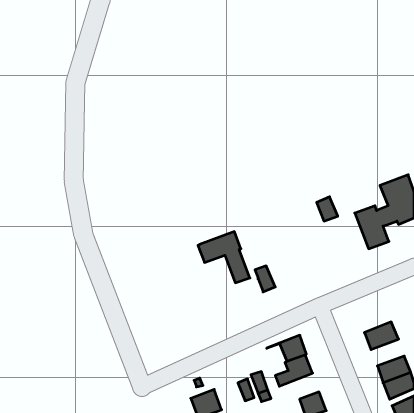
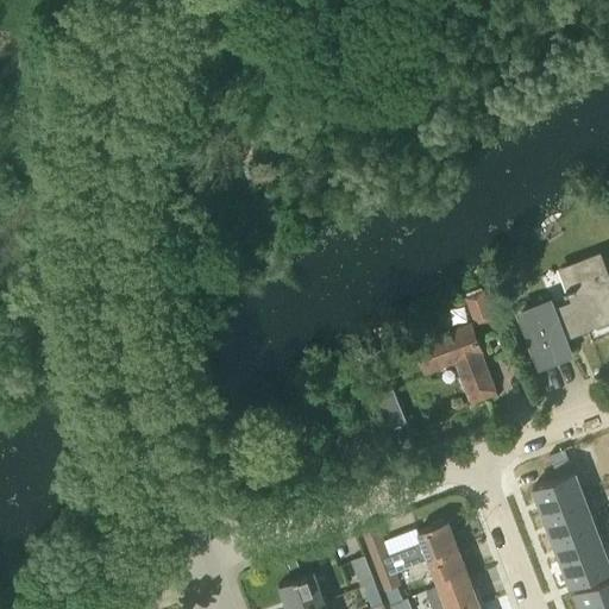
building: [198,232,250,283] -> [417,328,494,403]
building: [267,335,306,361] -> [409,550,467,588]
building: none -> [544,500,592,539]

